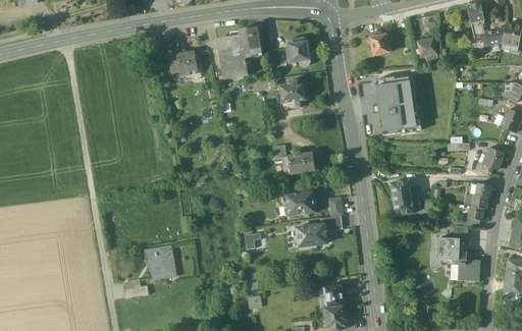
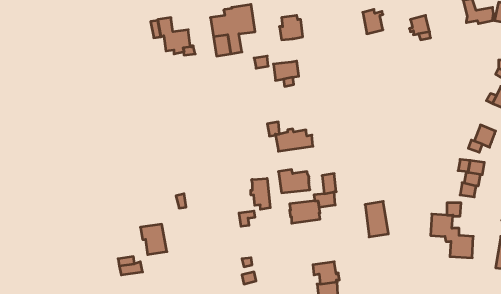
building: [373,76,420,135] -> none
building: [392,180,415,216] -> [365,201,388,237]
building: none -> [251,178,270,209]

